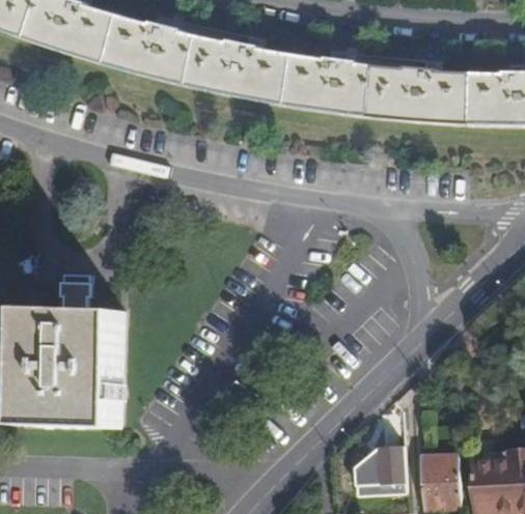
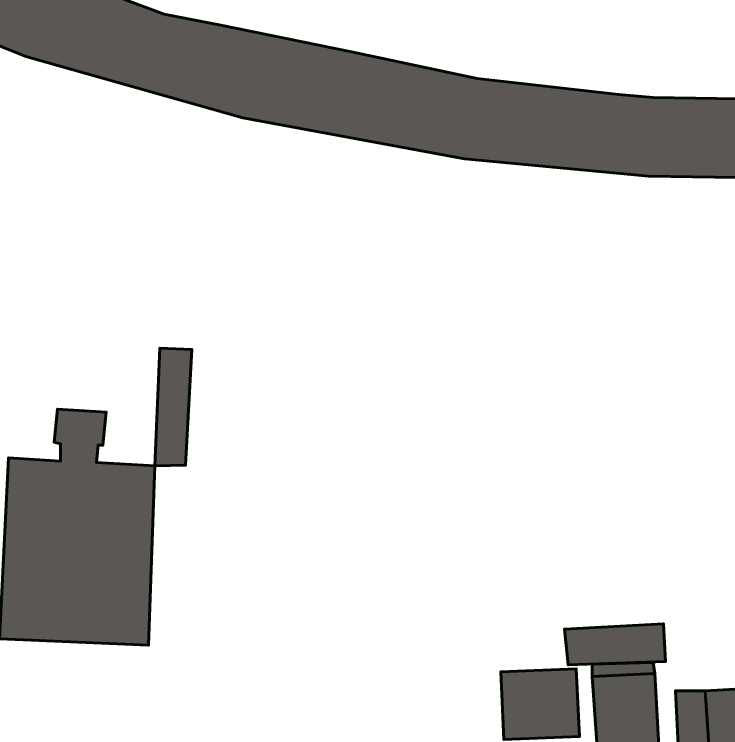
building: none -> [155,348,192,466]
building: none -> [565,624,665,665]

